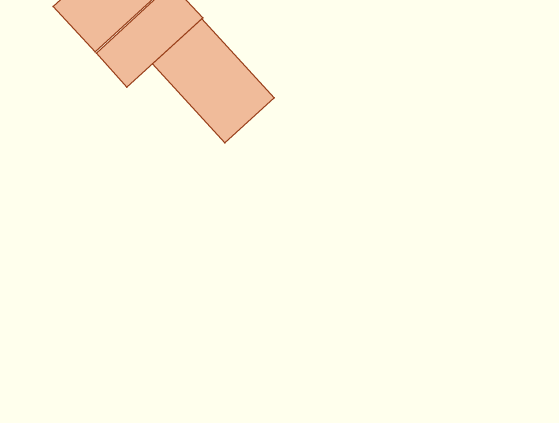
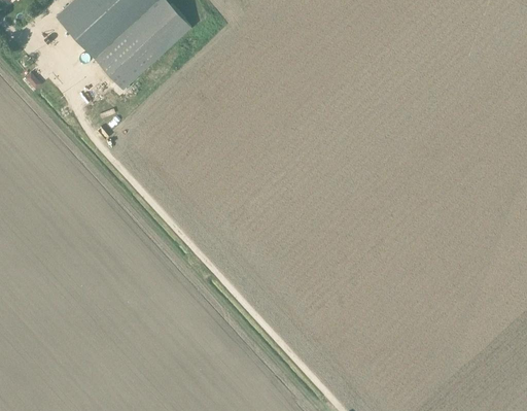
building: [152,19,274,143] -> none

